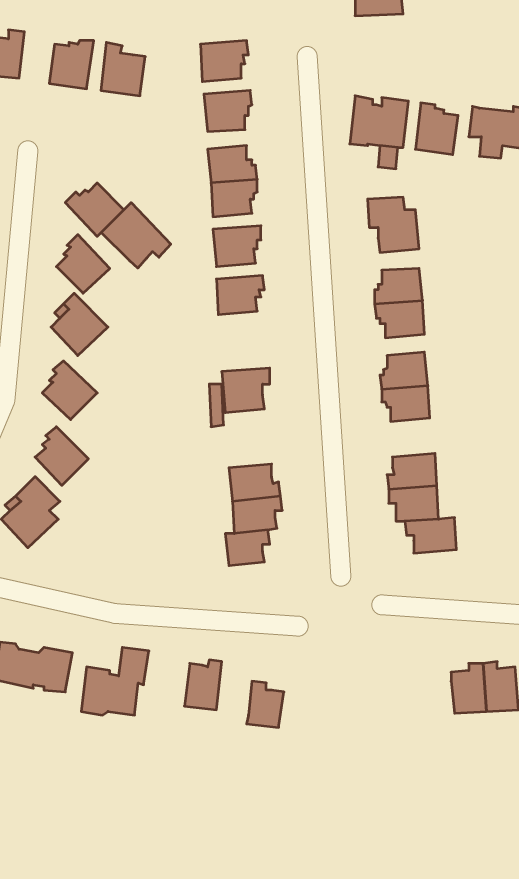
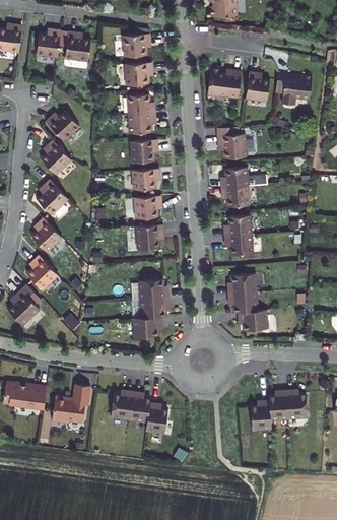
building: [101,203,171,268] -> none
building: none -> [132,194,159,217]
building: none -> [131,390,152,420]
building: none -> [247,401,267,430]

